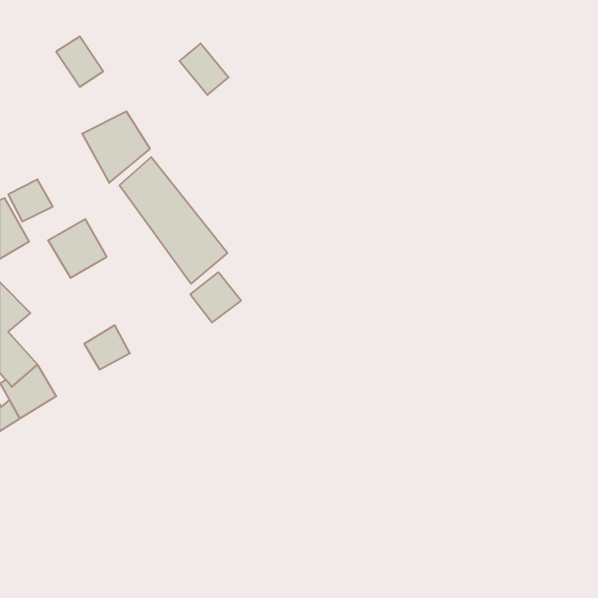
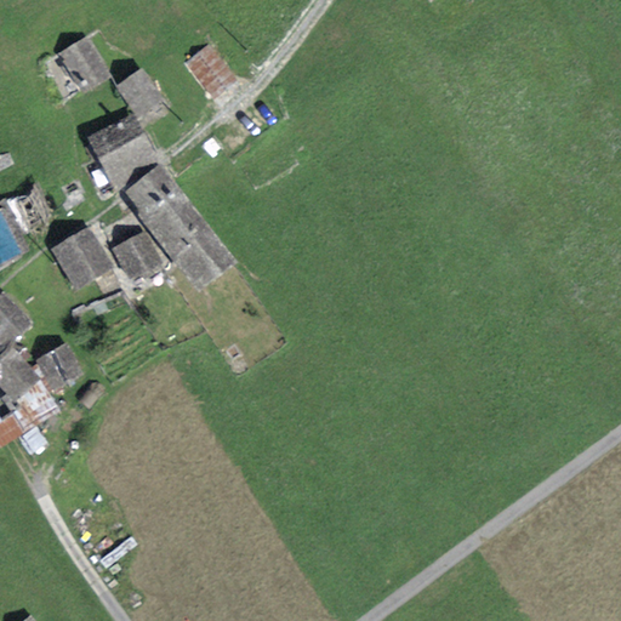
building: none -> [115,68,161,116]
building: none -> [109,232,163,281]
building: [190,272,241,323] -> none
building: [84,325,130,370] -> [34,341,81,387]

